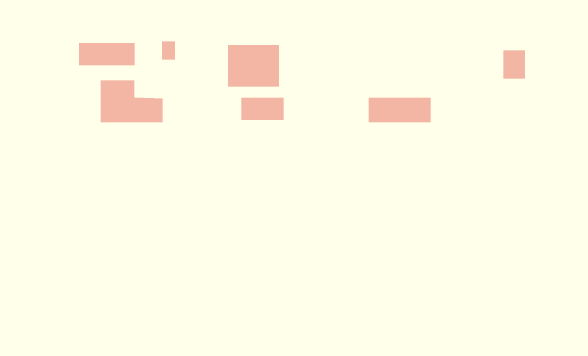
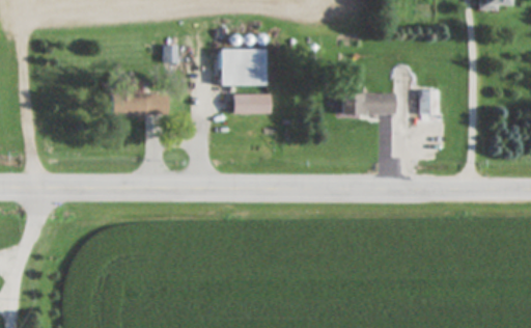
building: [78,42,135,66] -> none
building: [503,50,526,79] -> [419,90,439,115]

